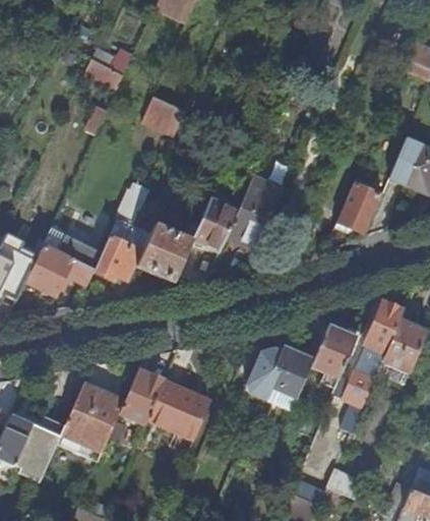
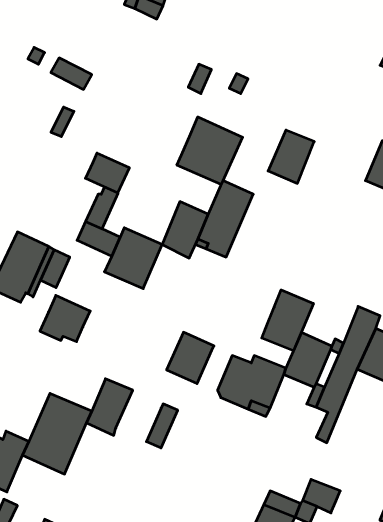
building: [142,96,185,134] -> [85,153,129,193]
building: none -> [177,117,243,184]
building: [337,182,382,234] -> [268,130,314,183]
building: [95,235,143,280] -> [40,295,90,342]
building: none -> [262,290,313,351]
building: [147,381,193,430] -> [167,332,214,384]

